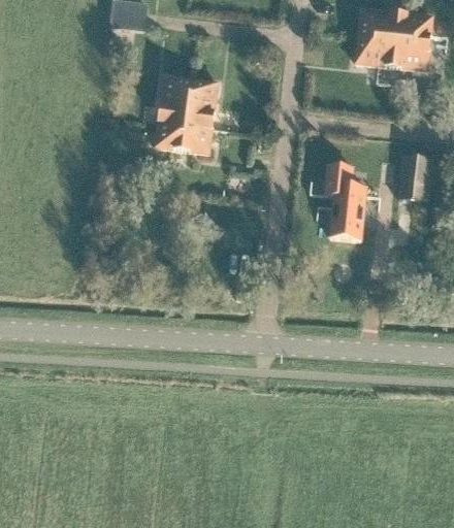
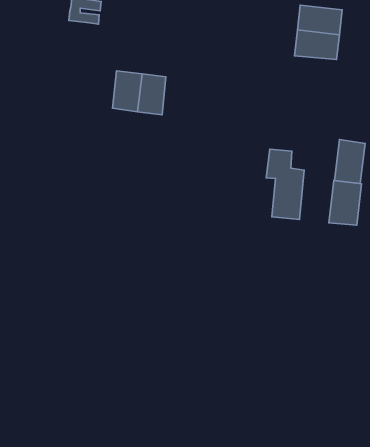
building: [400,12,431,69] -> none
building: [155,119,212,156] -> none
building: none -> [329,180,361,225]

